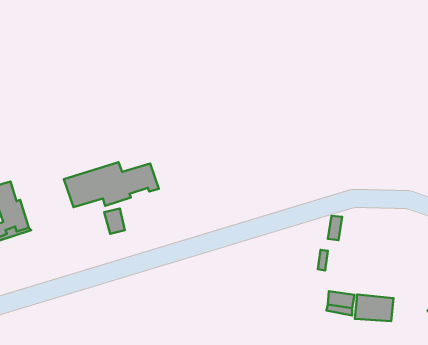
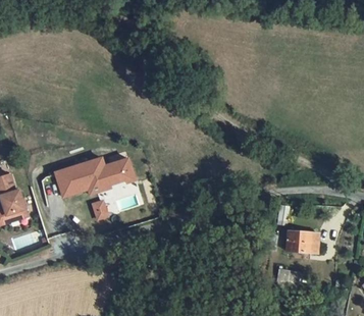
building: [355,294,394,321] -> [287,229,319,252]

